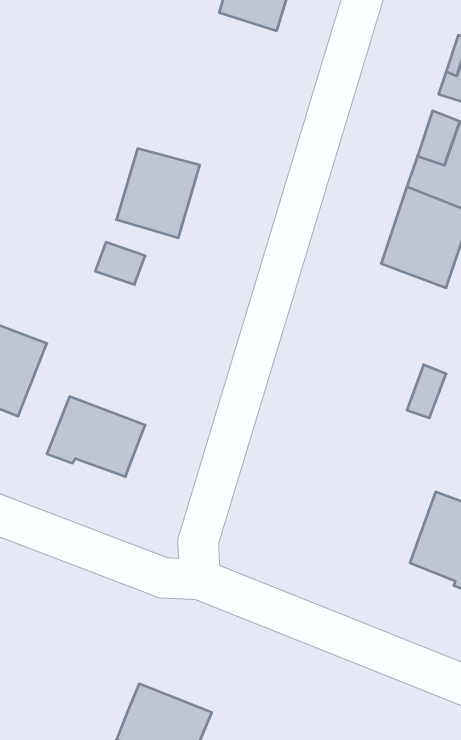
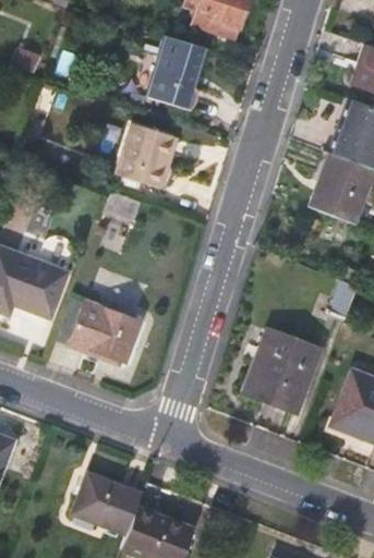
building: none -> [153,38,208,110]
building: none -> [246,332,318,414]
building: none -> [71,470,142,531]

